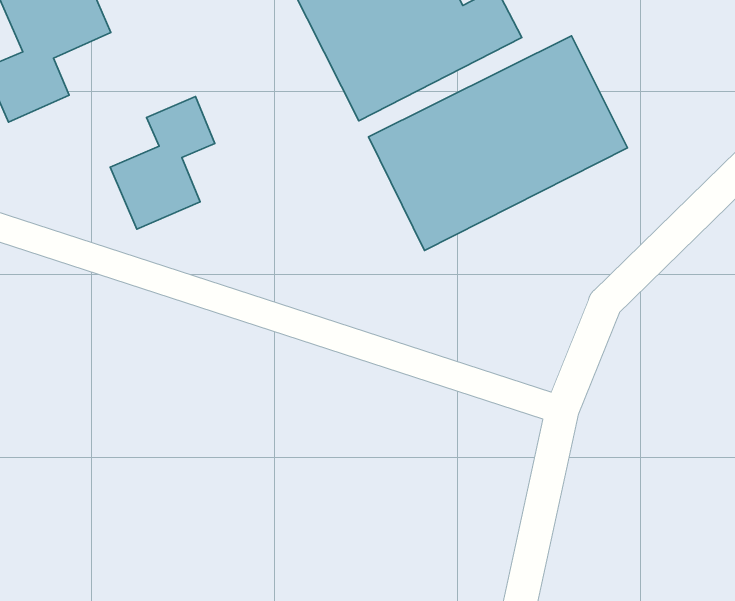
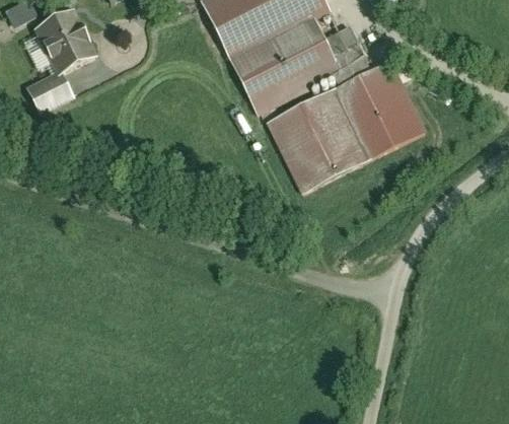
building: [110,97,215,229] -> none

